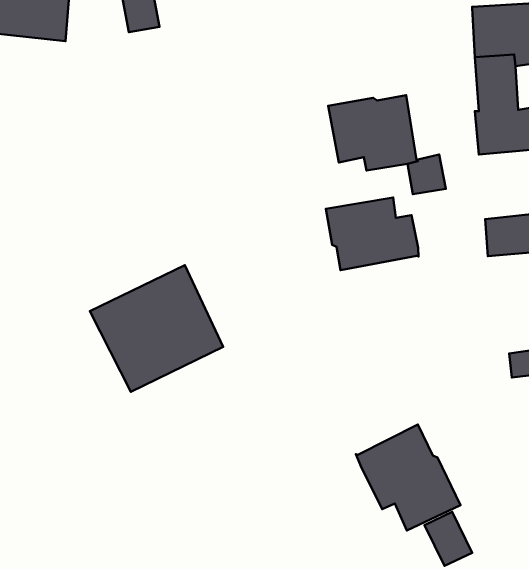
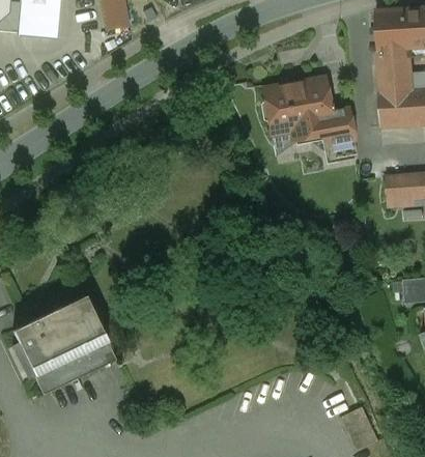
building: [326,197,419,270] -> none
building: [90,265,223,392] -> [10,295,115,395]
building: [356,425,461,531] -> none

